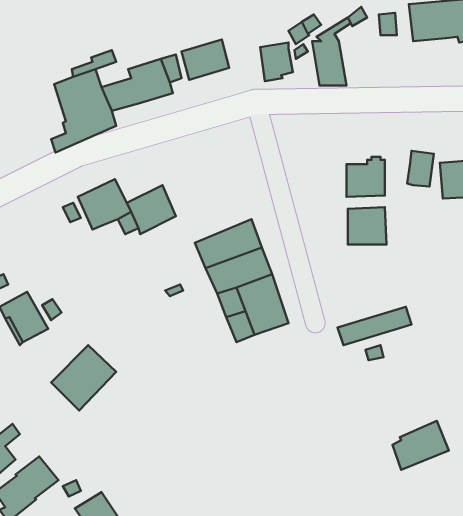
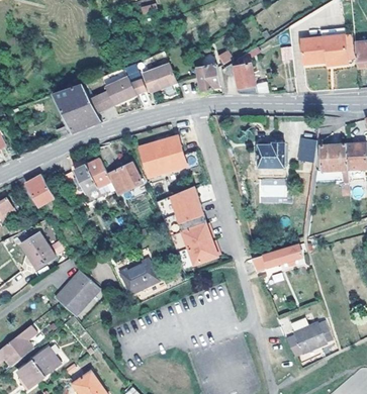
building: none -> [140,135,187,177]
building: none -> [26,177,54,207]
building: none -> [115,259,158,297]

